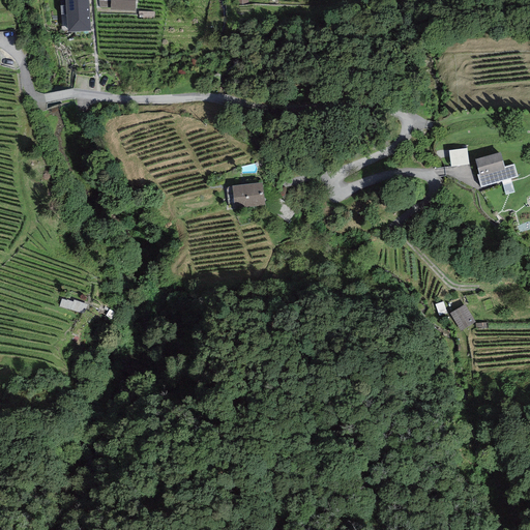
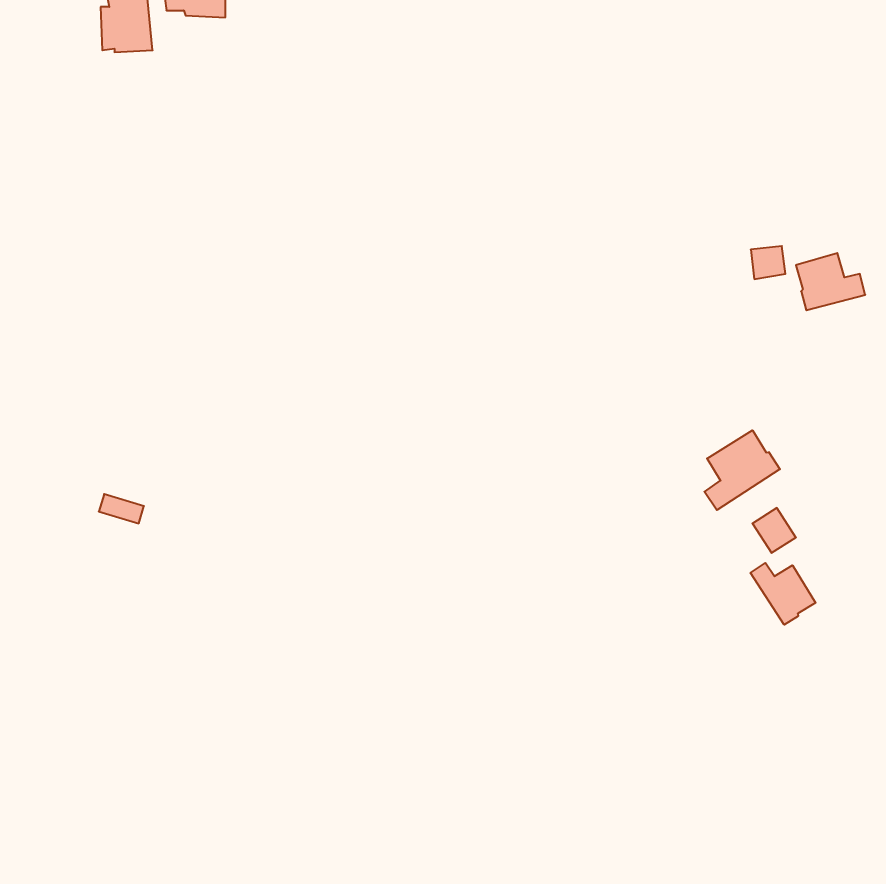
building: [232,182,264,207] -> none
building: none -> [704,430,780,510]
building: none -> [751,563,816,625]

